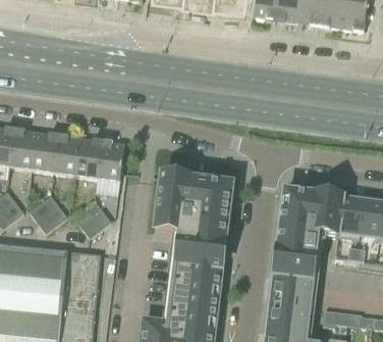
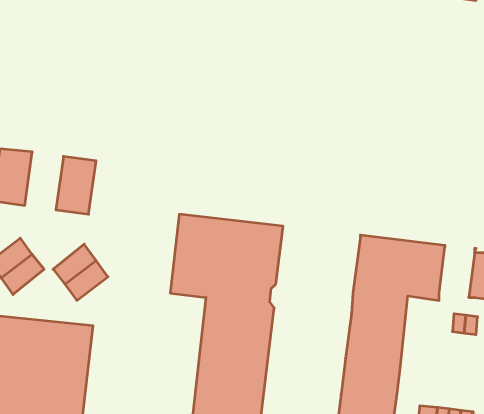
building: [54,135,80,175] -> none
building: [96,141,124,194] -> none
building: [338,199,363,239] -> none

